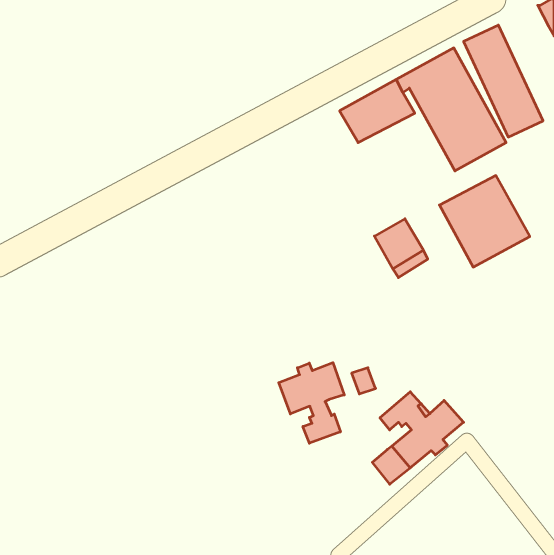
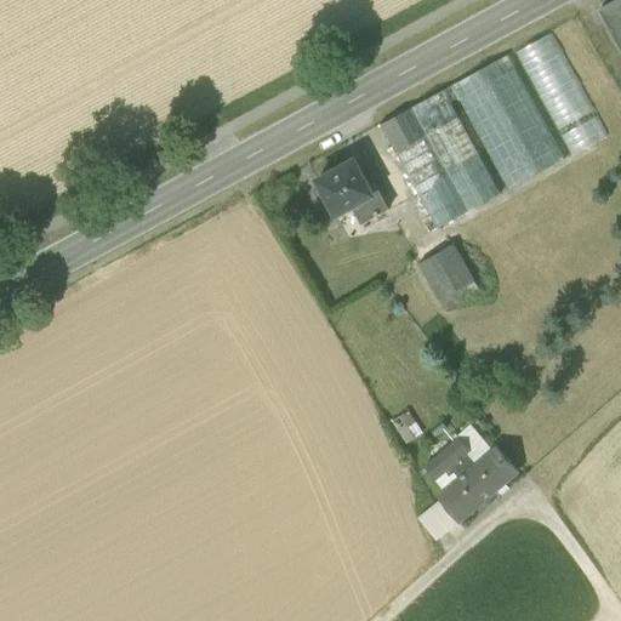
building: none -> [315,159,387,223]
building: [439,176,530,267] -> [399,126,500,228]
building: [279,363,344,443] -> none

